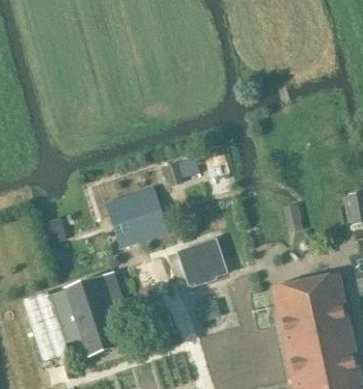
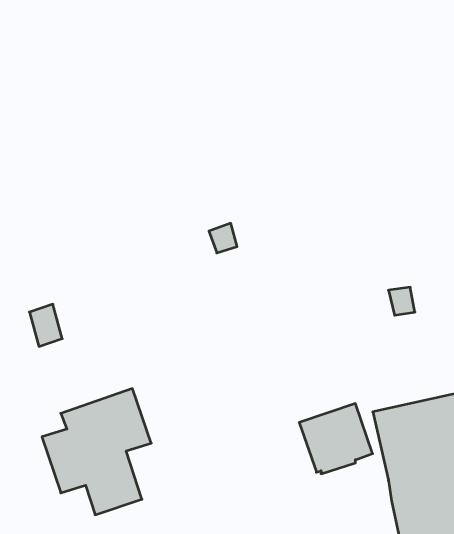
building: [108,198,166,239] -> none
building: [177,240,226,286] -> [299,404,373,474]

